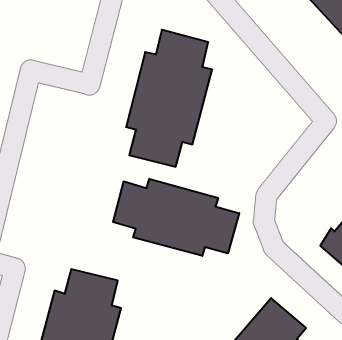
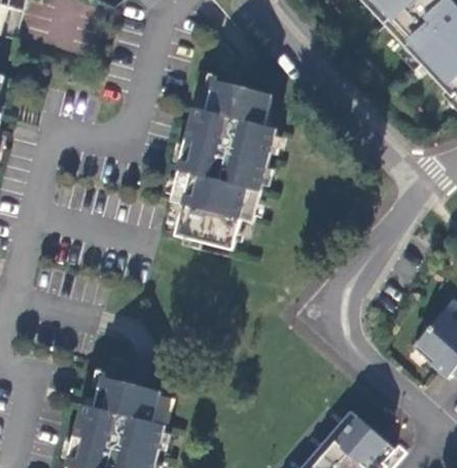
building: [113,179,239,256] -> none

